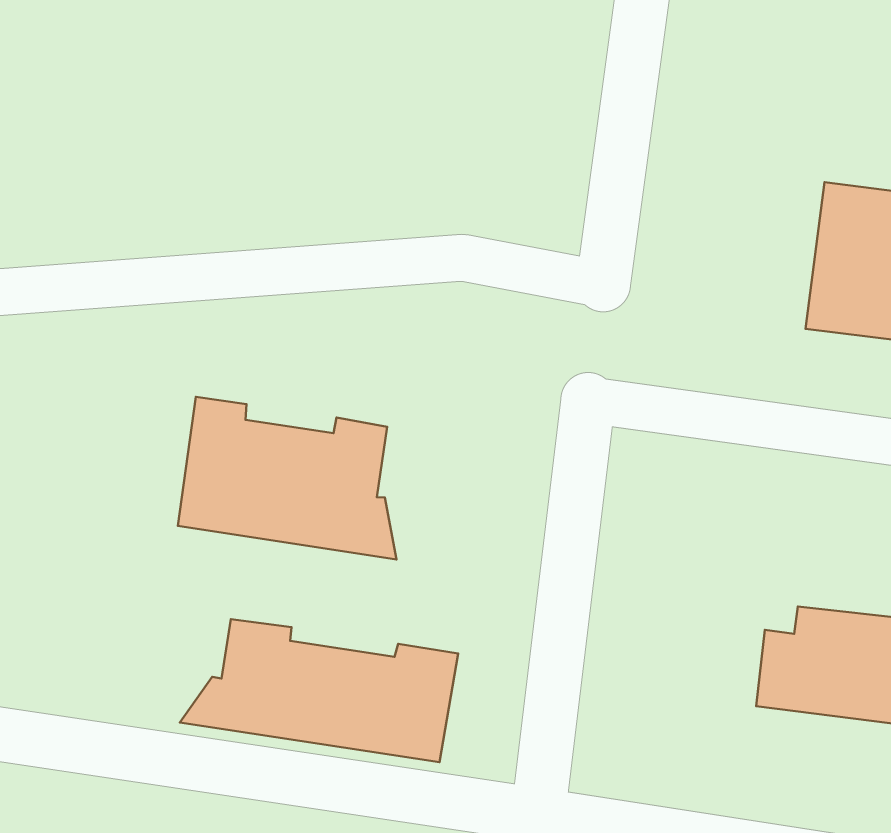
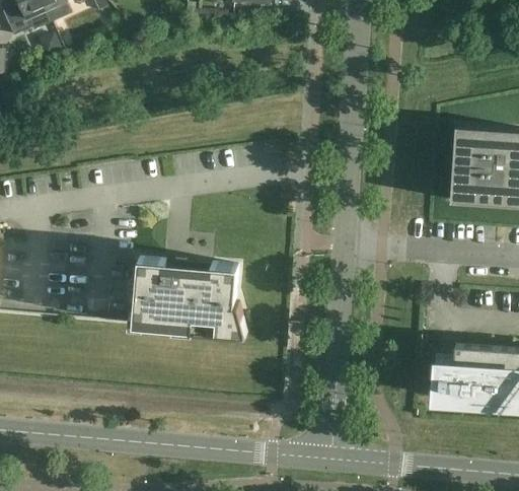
building: [180,619,458,762] -> none

